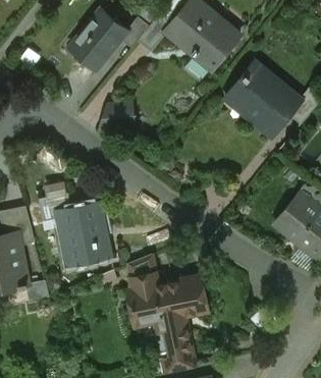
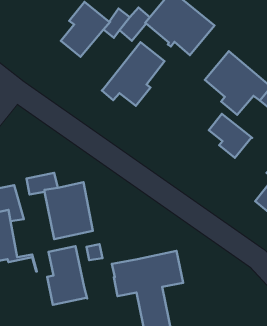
building: none -> [102,42,164,106]
building: none -> [209,114,252,158]
building: [128,255,157,289] -> none
building: none -> [47,246,87,305]

